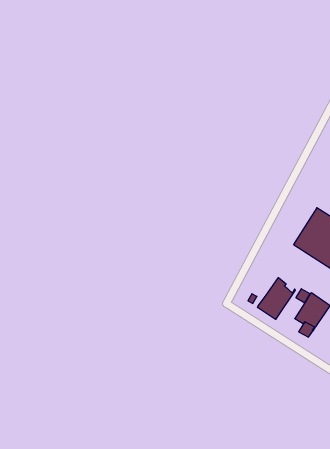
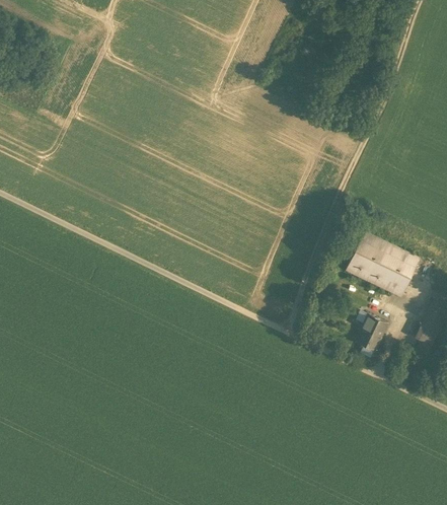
building: [258,278,295,319] -> none

